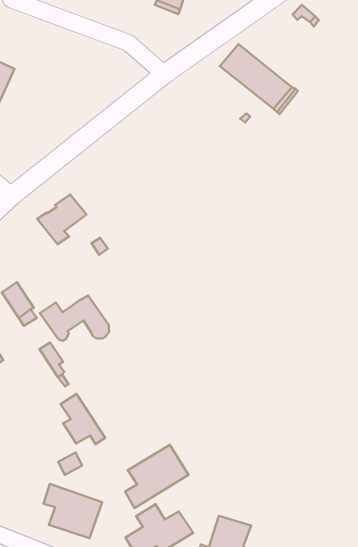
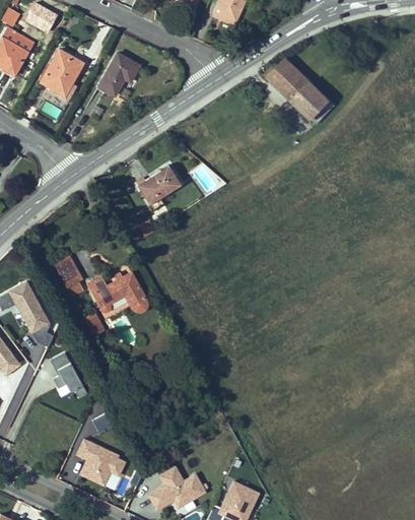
building: none -> [98,54,138,96]
building: [37,195,87,244] -> [136,166,181,209]
building: [60,394,105,444] -> [50,352,87,399]
building: [125,445,189,508] -> none

